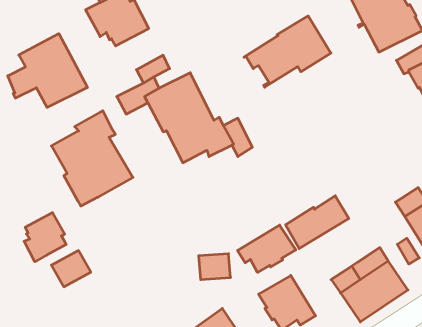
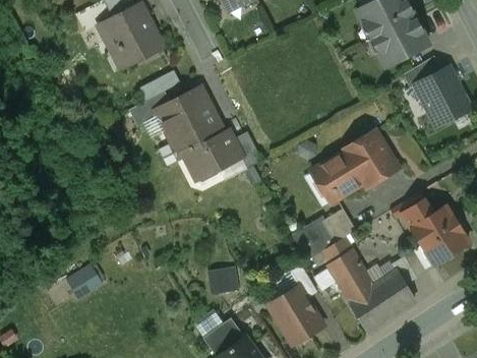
building: [244,16,331,87] -> [312,132,398,202]
building: [8,34,87,107] -> none
building: [51,111,133,206] -> none
building: [24,213,66,262] -> none
building: [238,225,296,272] -> none
building: none -> [324,251,366,291]

